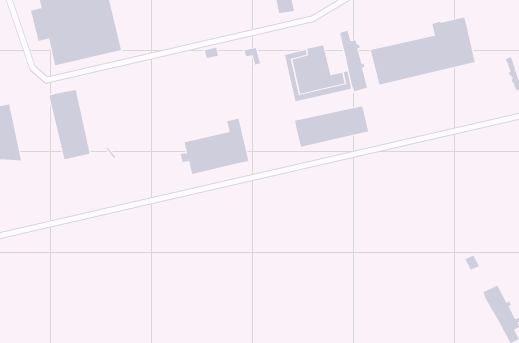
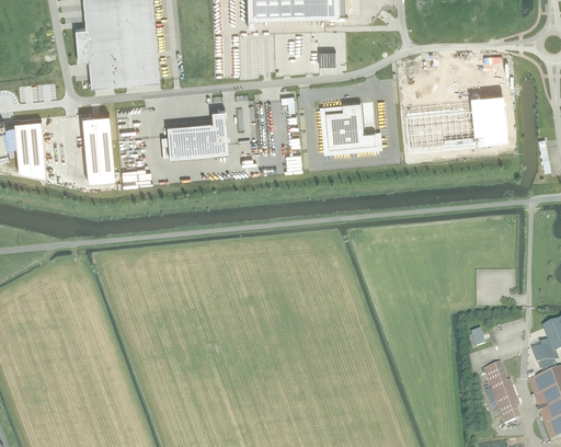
building: [340,30,368,92] -> none
building: [294,106,369,148] -> none
building: [180,118,249,174] -> [161,110,229,159]

